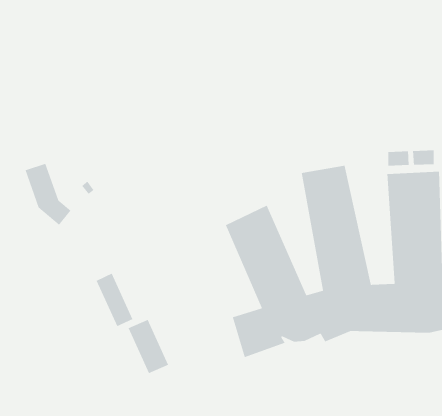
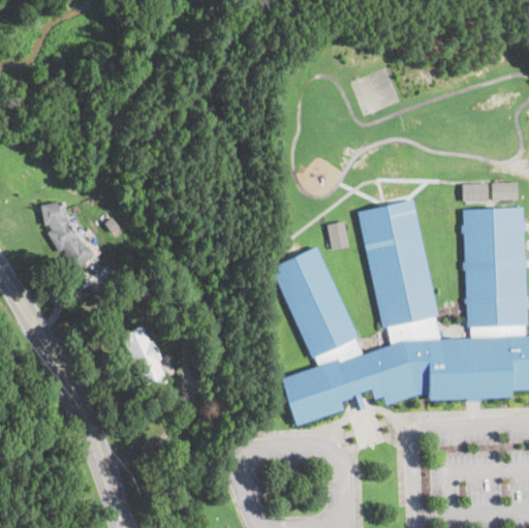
building: none -> [328,221,349,250]
building: [127,319,169,374] -> none

